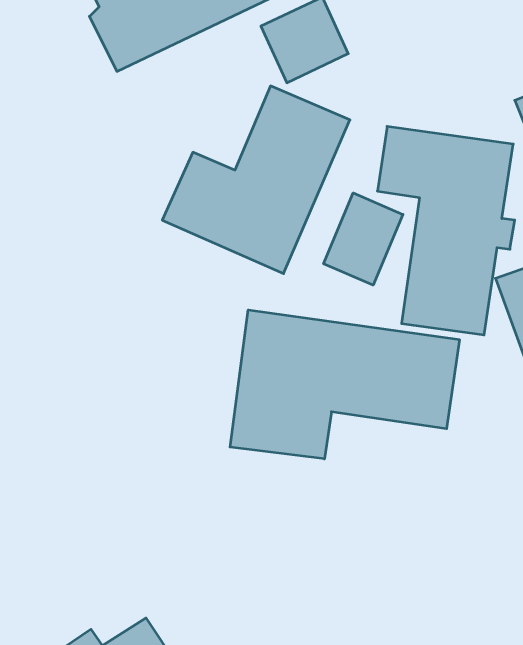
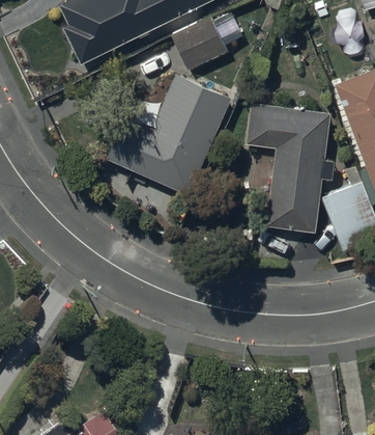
building: [324,193,403,285] -> none
building: [230,310,459,459] -> none

